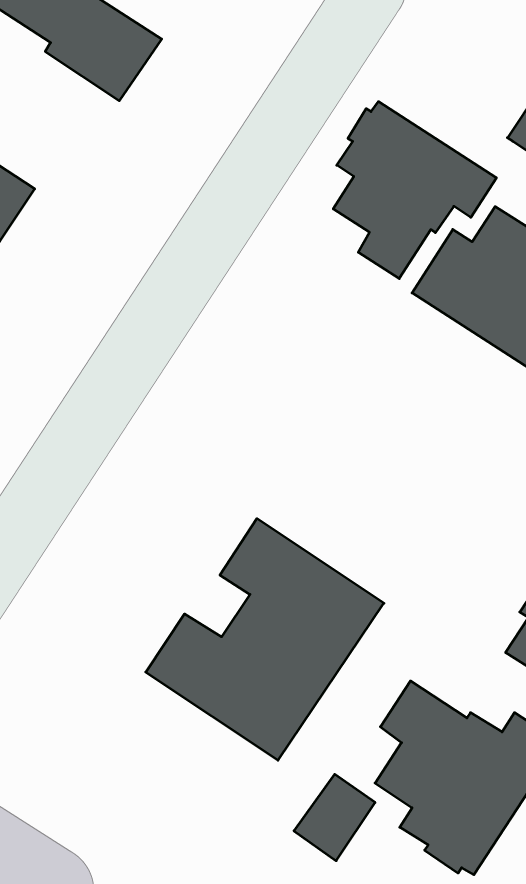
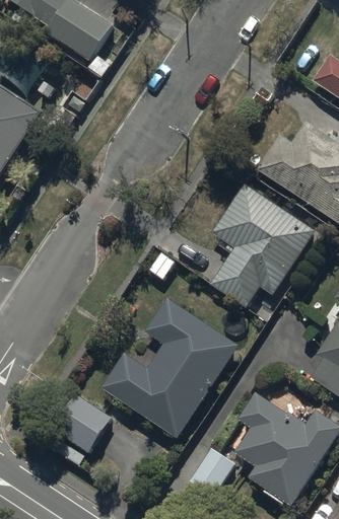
building: [333,102,496,279] -> none
building: none -> [209,183,316,308]
building: none -> [51,390,113,451]

